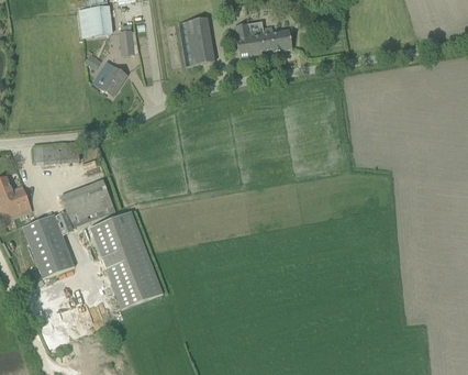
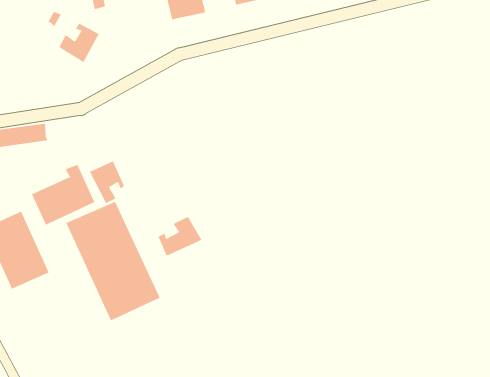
building: none -> [89,160,125,204]
building: none -> [158,216,202,256]

